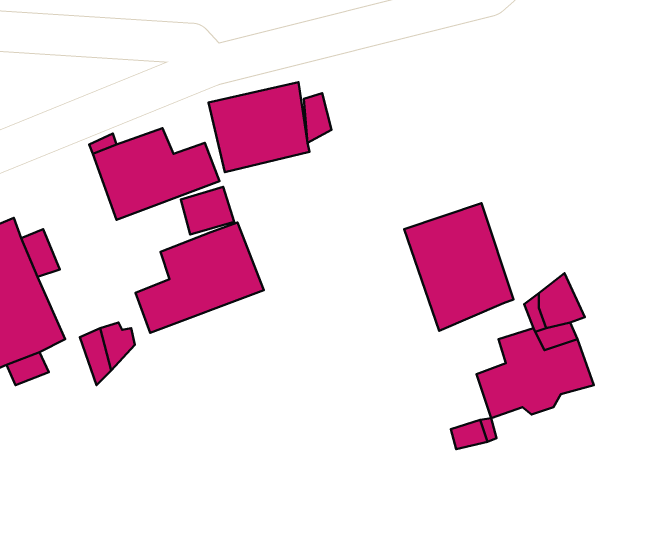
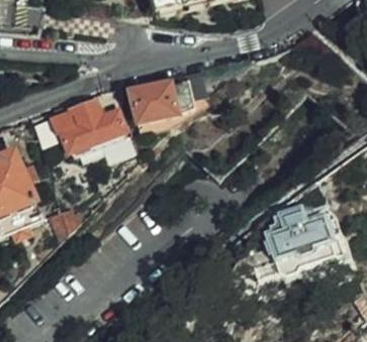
building: [404,203,514,331] -> none
building: [135,222,264,333] -> none

